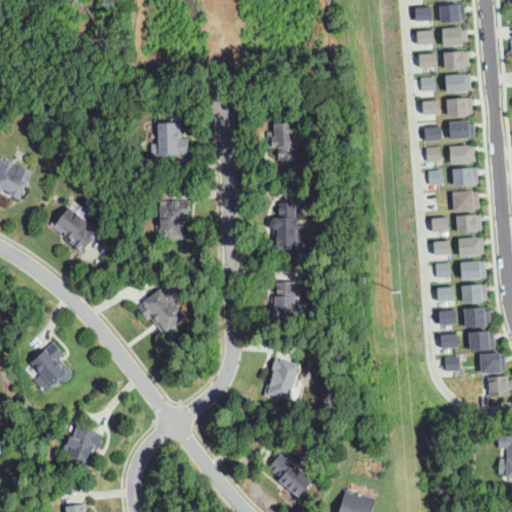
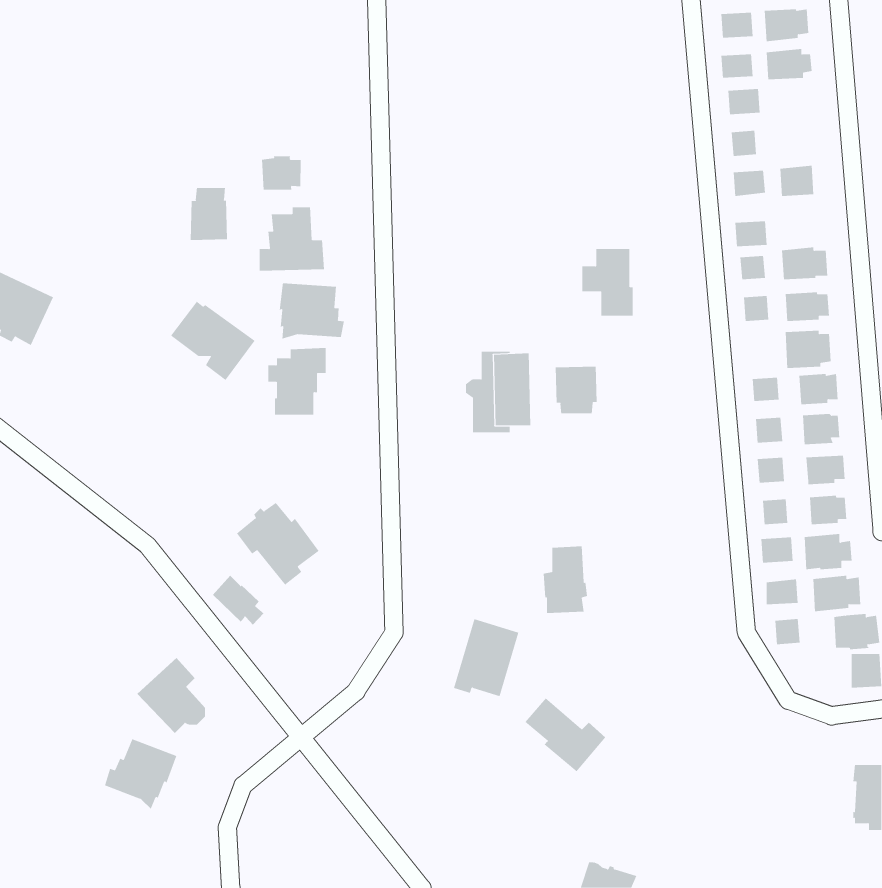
building: [443,51,471,69] -> none
building: [445,75,471,92] -> none
building: none -> [262,155,301,191]
building: none -> [190,187,228,241]
building: [449,119,476,138] -> none
building: [265,122,295,161] -> [582,248,634,316]
building: none -> [279,282,345,339]
building: [48,205,97,251] -> [170,301,255,381]
building: none -> [555,366,597,414]
building: [270,281,296,320] -> [543,546,588,614]
building: none -> [212,575,265,625]
building: [29,342,69,386] -> [136,657,206,734]
building: [267,453,314,496] -> [525,698,606,772]

